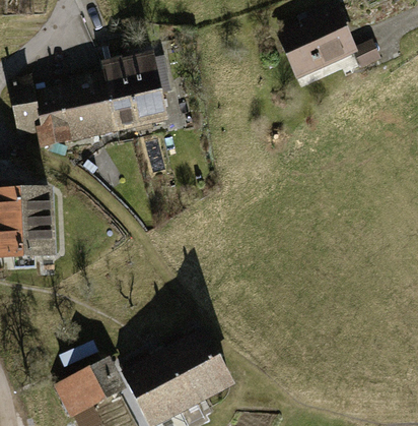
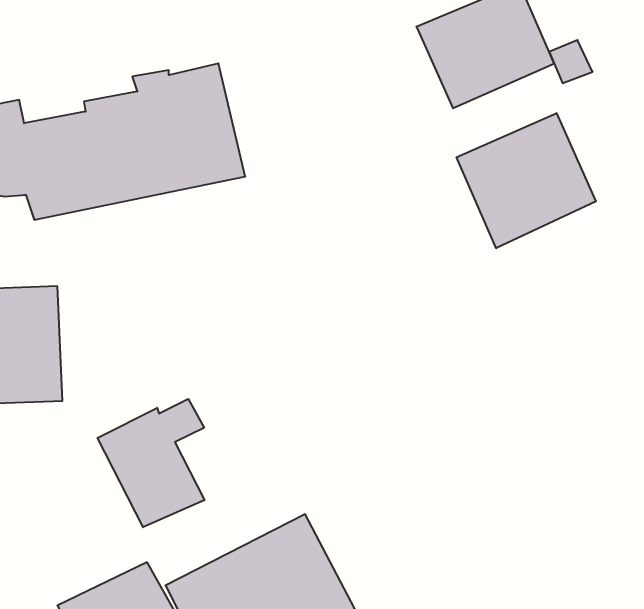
building: none -> [457,113,596,248]
building: none -> [97,399,204,527]

